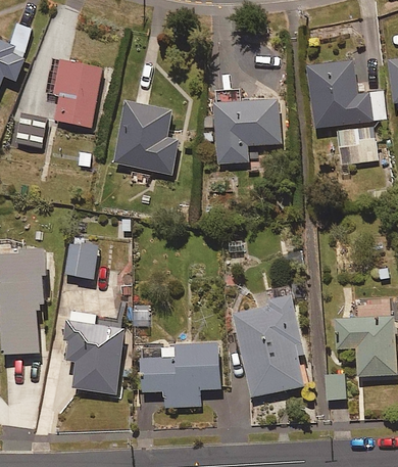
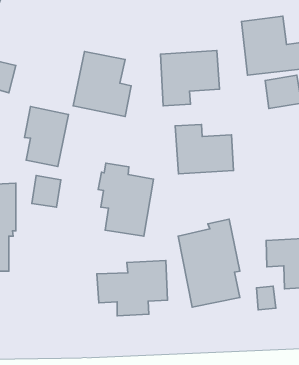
building: [51,57,102,127] -> [24,107,68,166]
building: none -> [175,124,233,174]
building: [63,311,128,395] -> [98,163,154,236]

